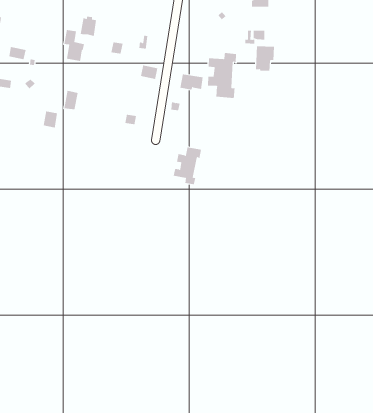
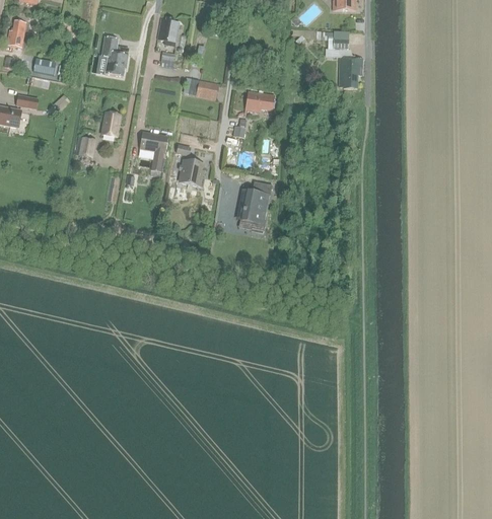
building: [80,16,97,37] -> [157,16,179,42]
building: [207,52,237,99] -> none
building: none -> [140,132,166,170]
building: none -> [180,160,204,187]

